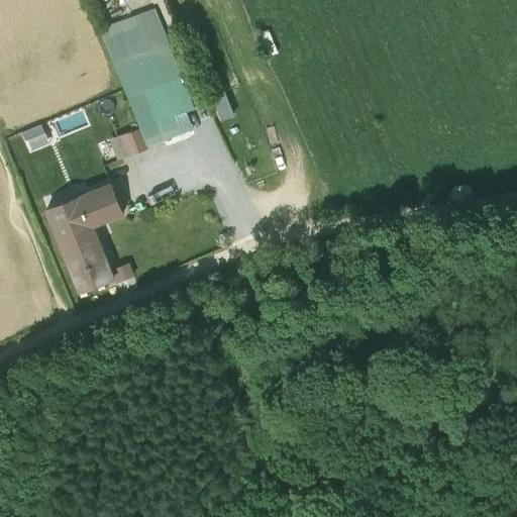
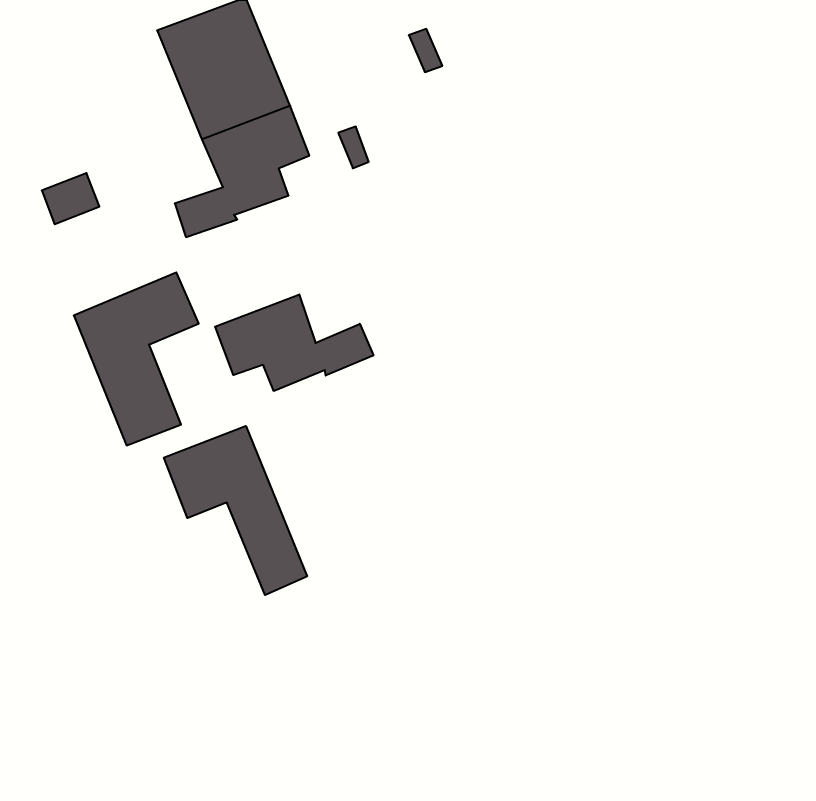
building: none -> [215,294,373,391]
building: none -> [164,426,307,595]

